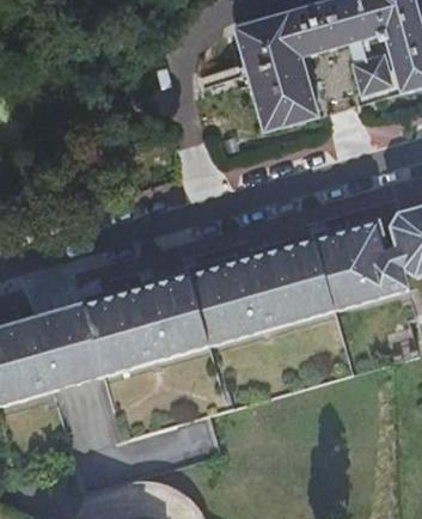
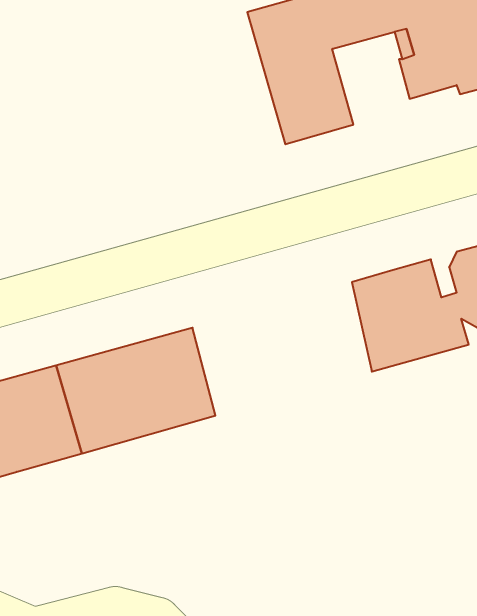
building: [192,238,334,343] -> none

